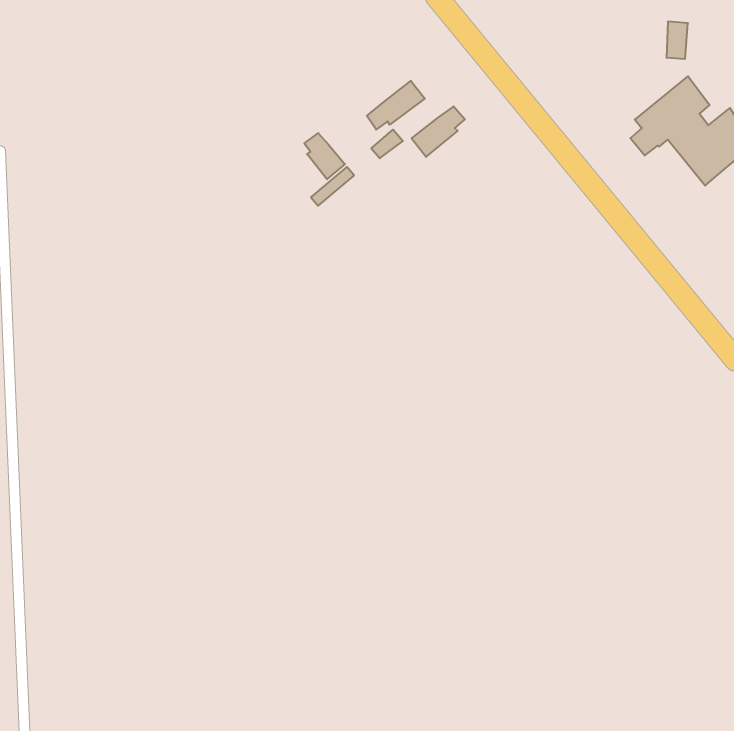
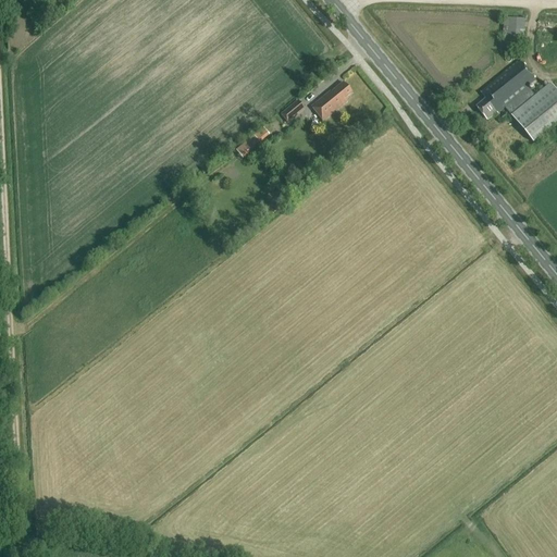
building: [367,81,425,130] -> none
building: [304,133,345,179] -> none

